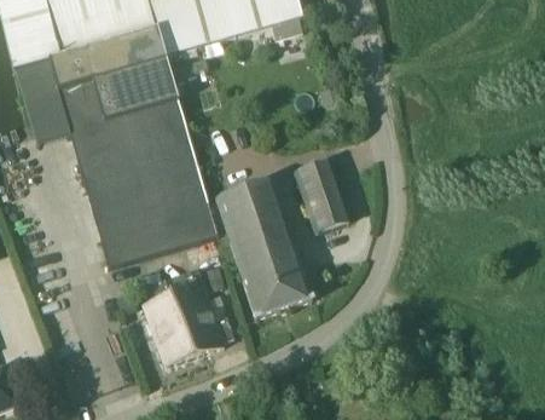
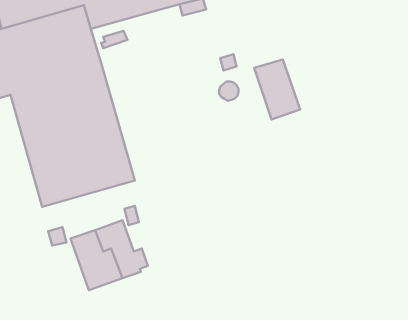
building: [294,160,348,231] -> [254,60,300,120]
building: [215,179,312,316] -> none

